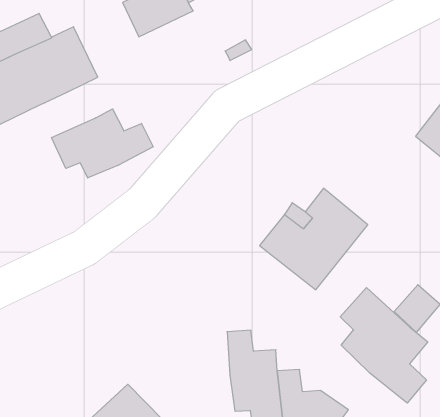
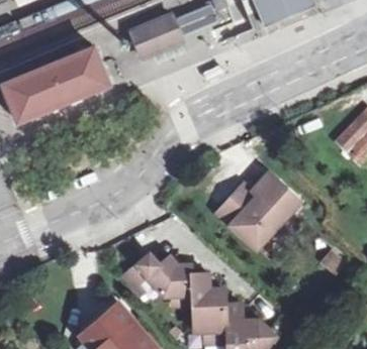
building: [52,109,153,178] -> none
building: [340,288,428,403] -> none
building: none -> [123,255,192,305]

